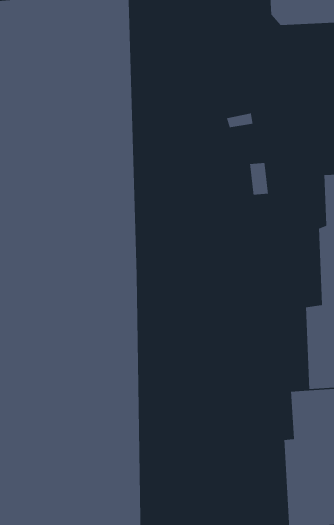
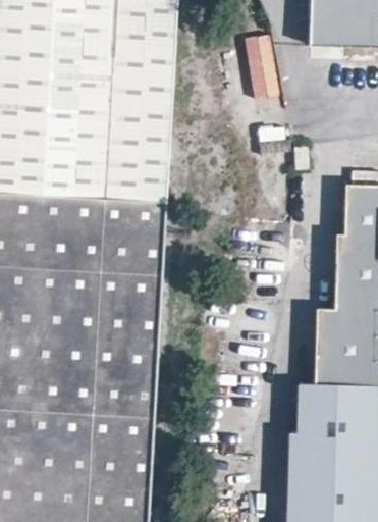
building: none -> [244,34,280,99]

